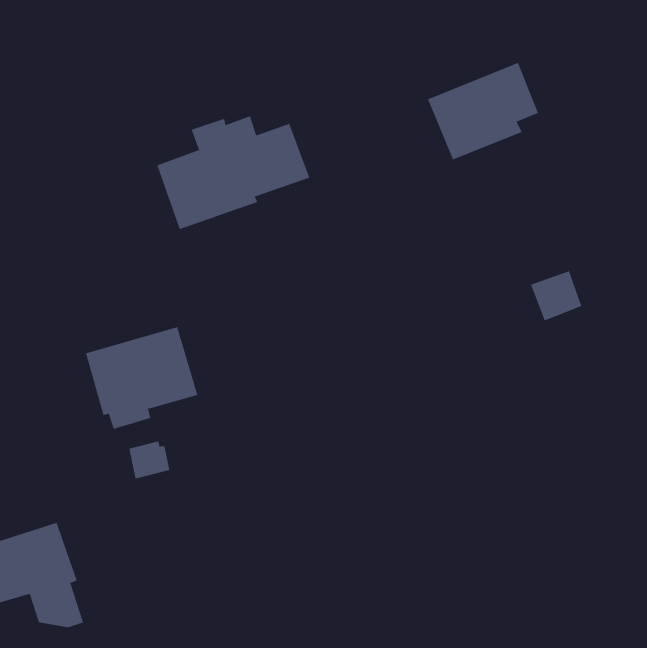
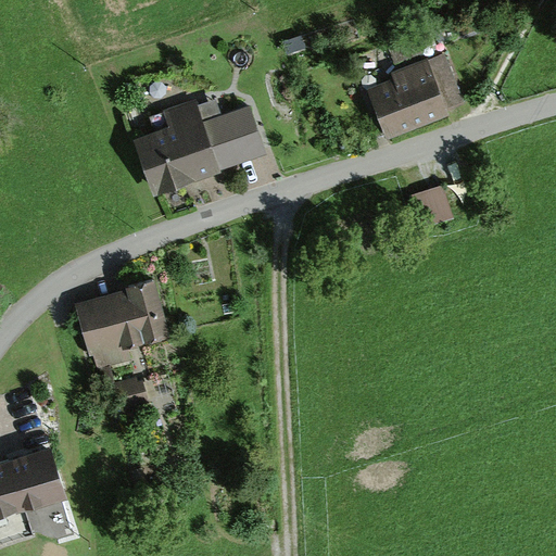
building: [530,270,582,321] -> [407,186,452,229]

